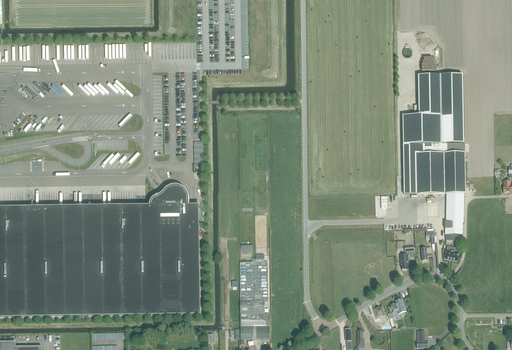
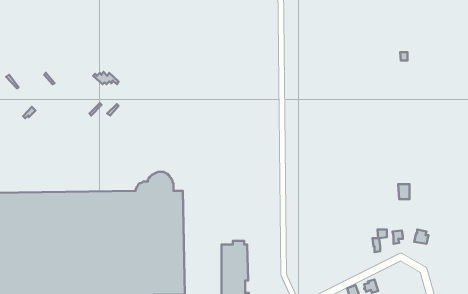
building: [401,72,465,232] -> none

